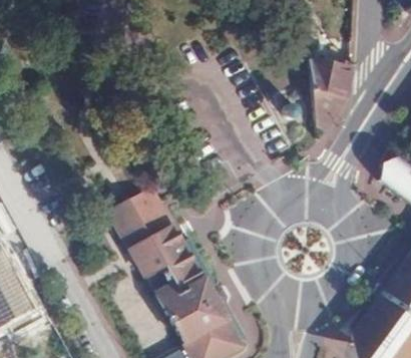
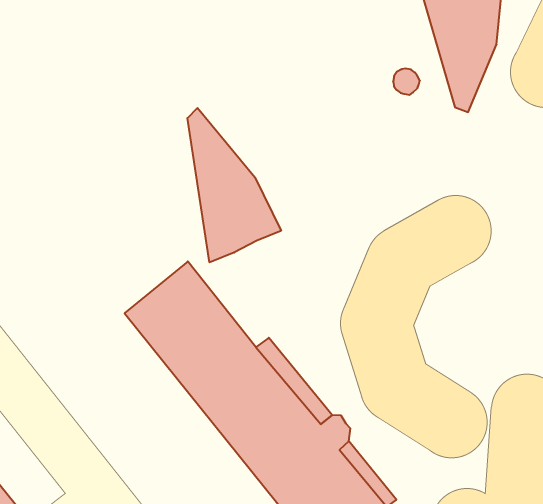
building: none -> [187,108,281,262]

